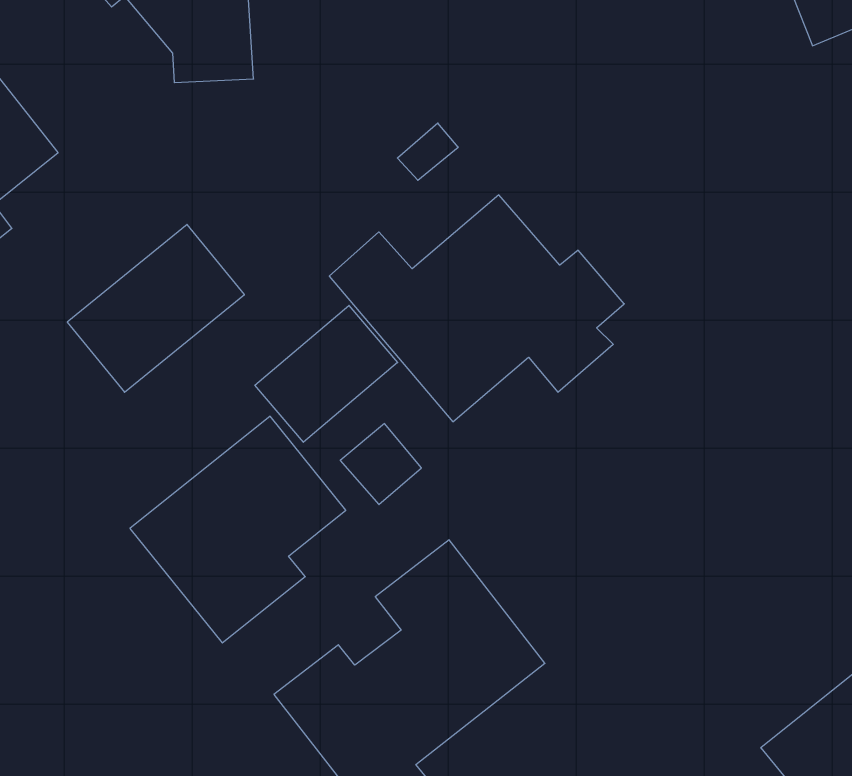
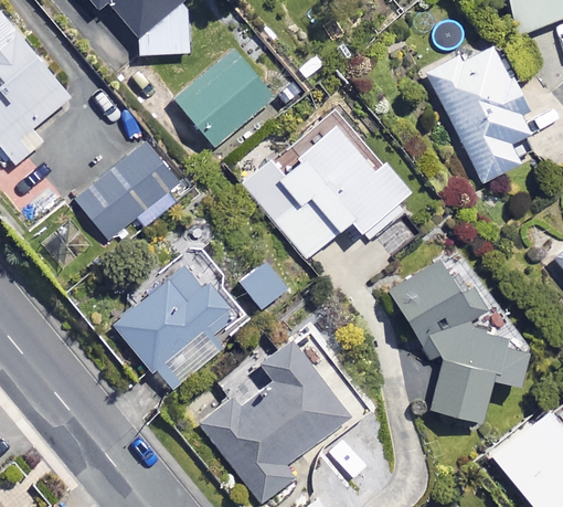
building: none -> [427,42,527,183]
building: none -> [173,45,277,147]
building: [255,305,398,442] -> none
building: none -> [390,262,525,420]

